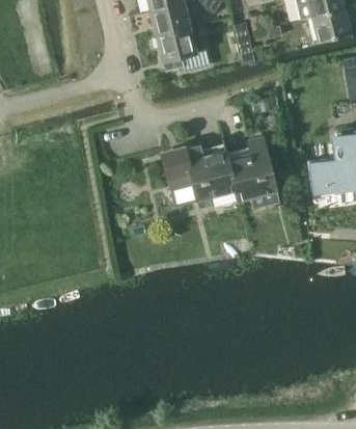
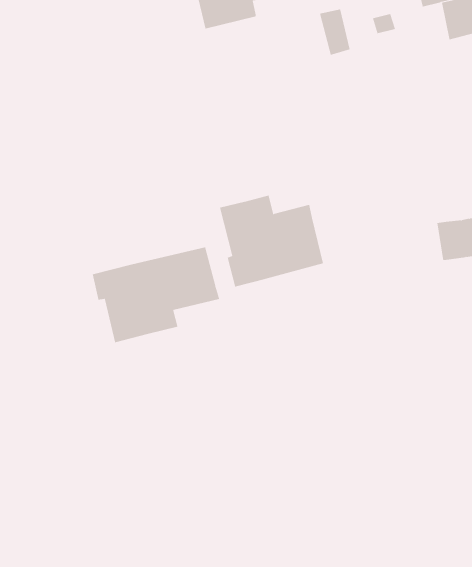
building: [156,24,207,69] -> none
building: [227,138,276,199] -> none
building: none -> [92,246,220,343]

